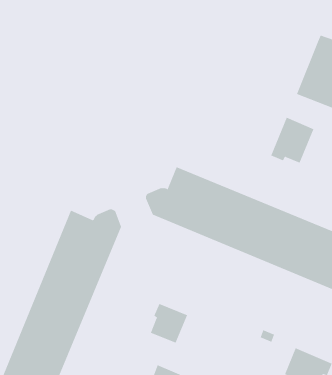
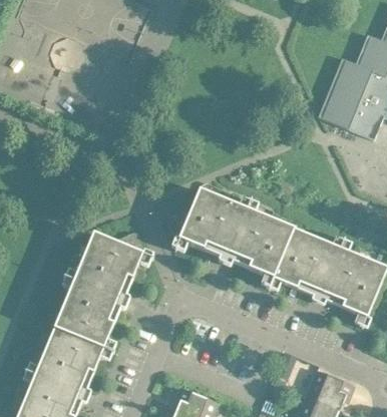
building: [271,117,314,163] -> none
building: [150,303,188,344] -> none

